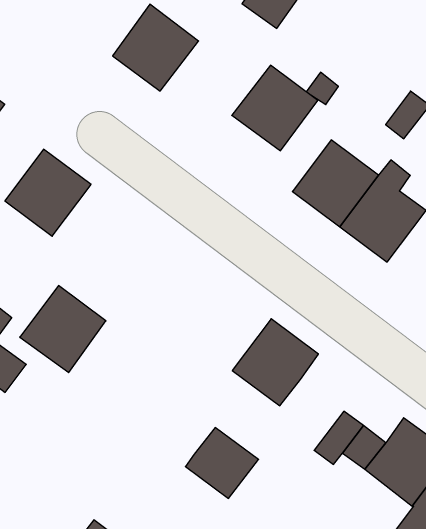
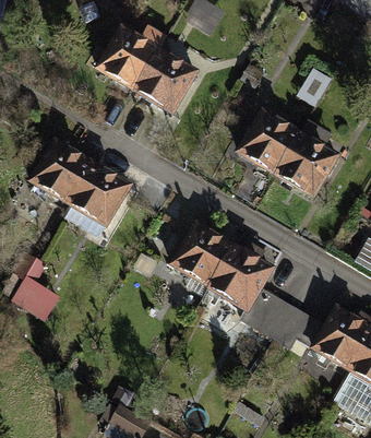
building: [232,65,318,151] -> [134,50,195,111]
building: none -> [171,224,232,286]
building: [20,286,106,373] -> [68,163,129,225]
building: [185,428,259,498] -> [240,287,292,338]

